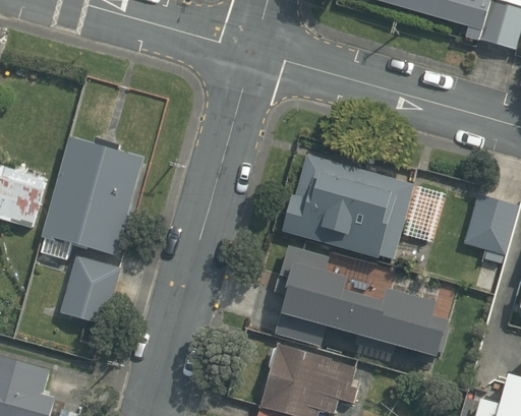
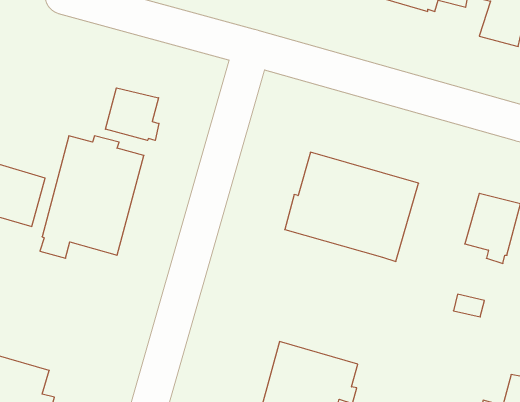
building: none -> [105,88,159,140]
building: [269,244,438,357] -> none
building: [62,255,121,324] -> none

